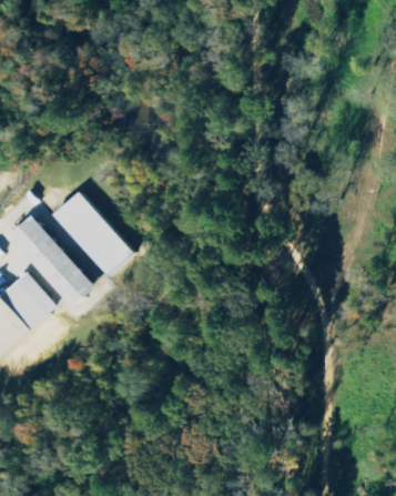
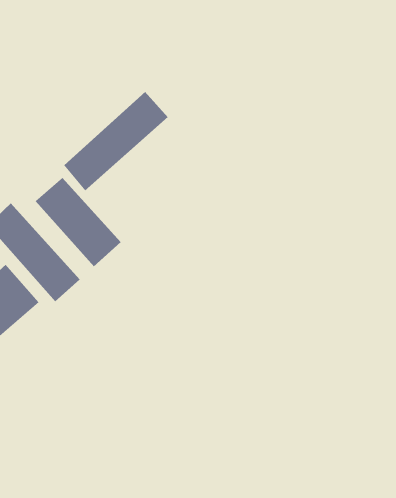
building: none -> [63,91,168,191]

